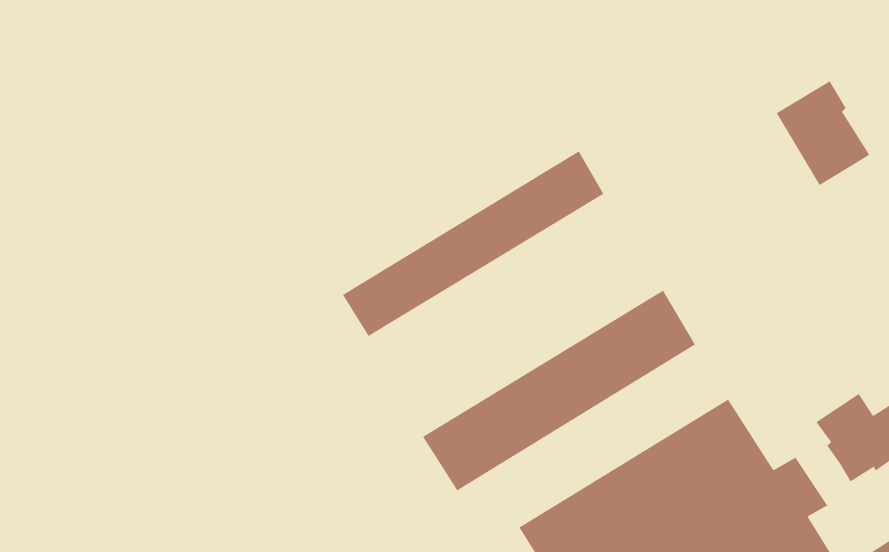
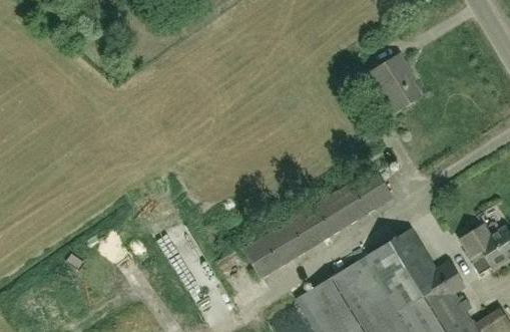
building: [776,81,870,186] -> [369,55,421,113]
building: [342,151,604,337] -> none

